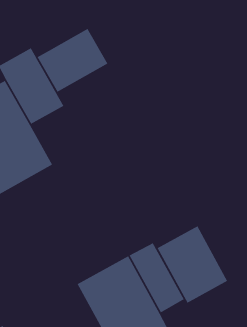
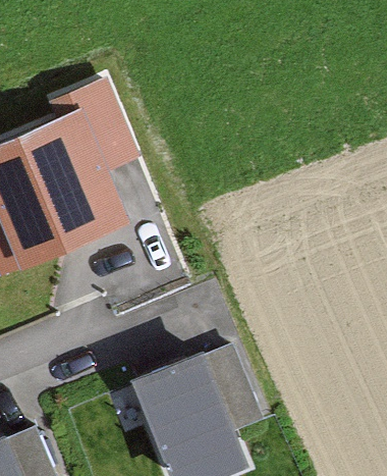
building: [37,28,109,93] -> none
building: [157,225,228,304] -> none

